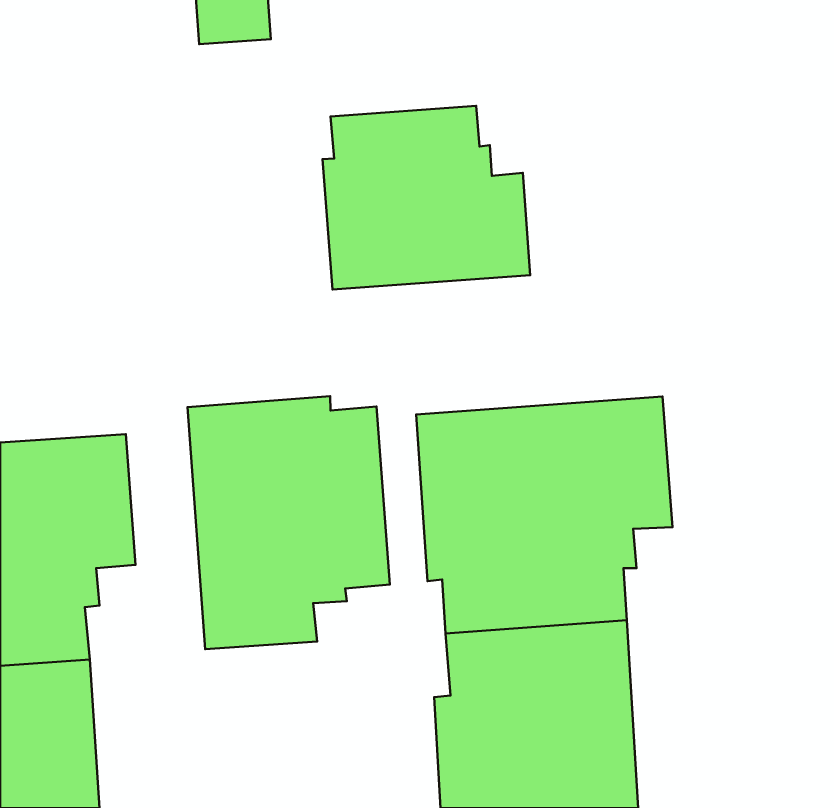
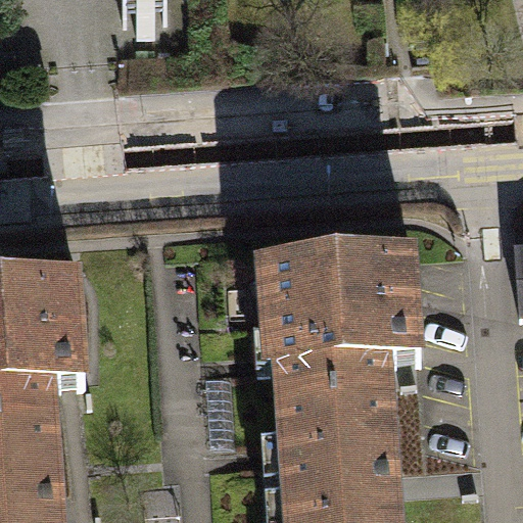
building: [322,106,530,290] -> none
building: [188,396,390,649] -> none

